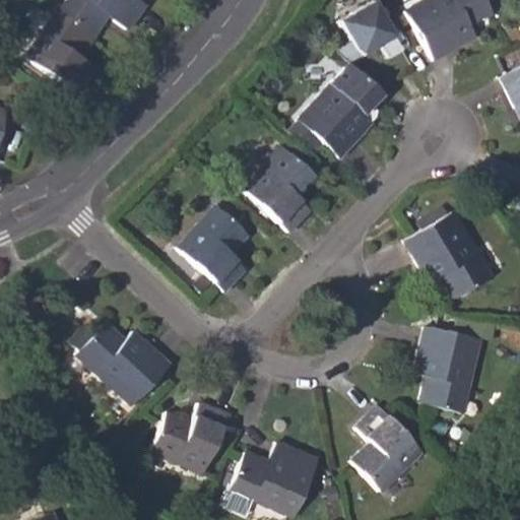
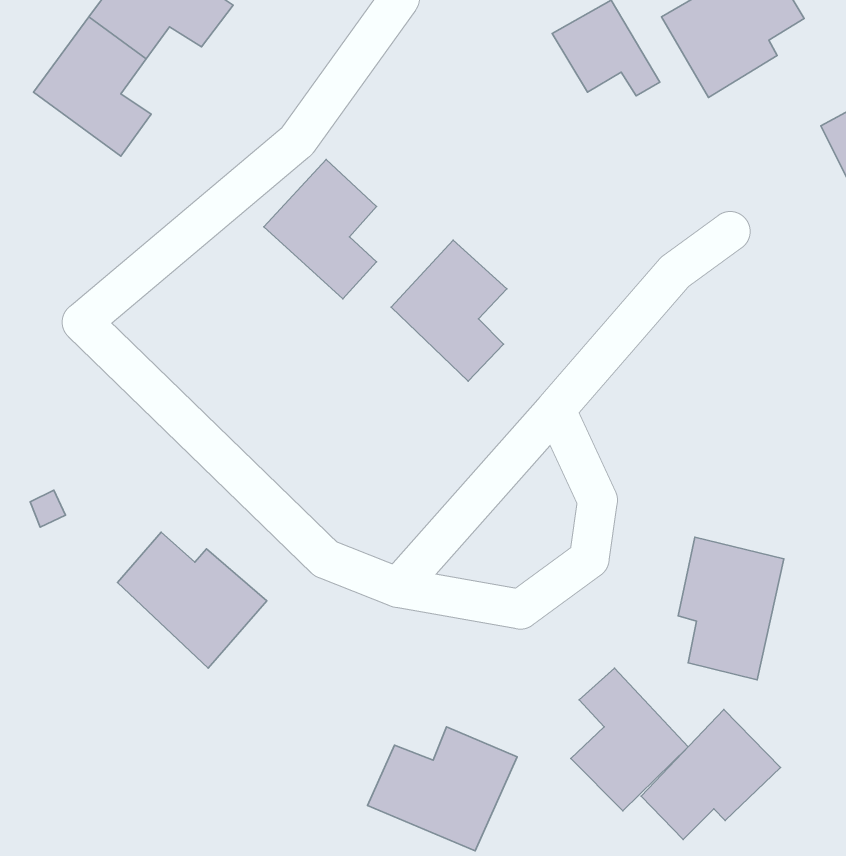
building: [300,63,383,155] -> none
building: [178,206,246,290] -> [264,160,376,299]
building: [405,212,491,298] -> none
building: [148,402,230,472] -> none
building: none -> [641,709,780,840]

